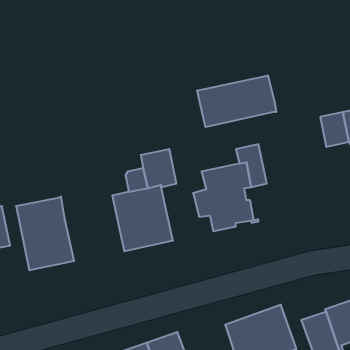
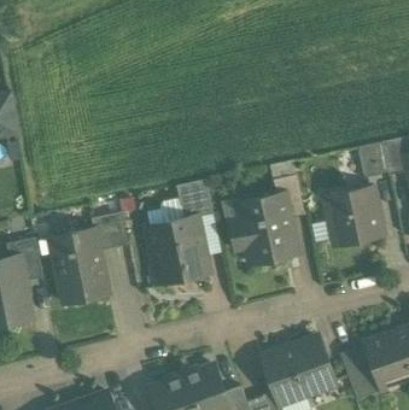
building: [197,75,276,127] -> none
building: none -> [323,187,384,245]
building: none -> [90,212,128,251]

